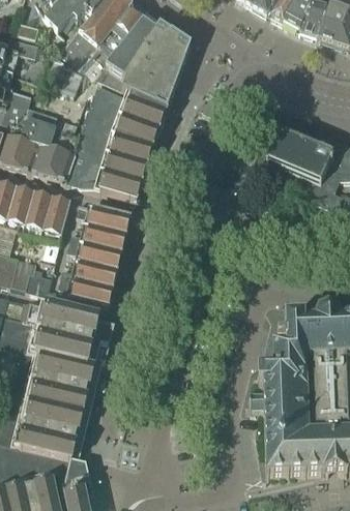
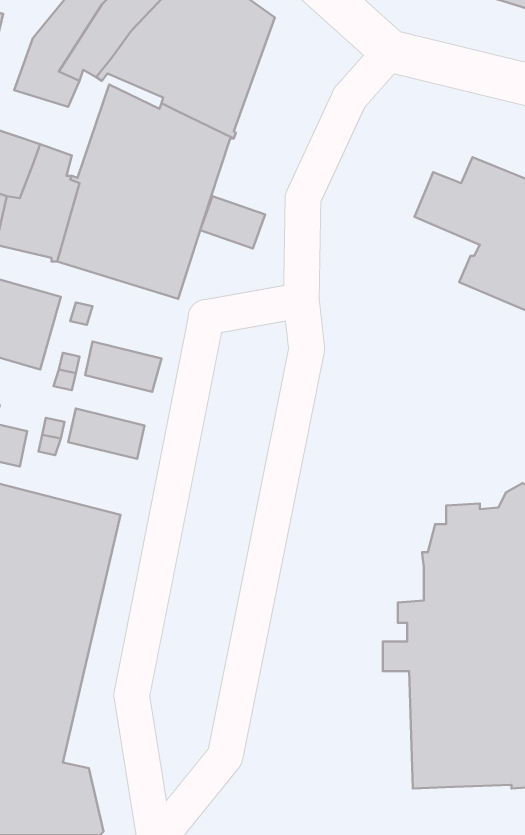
building: none -> [200,196,265,249]
building: [87,207,129,235] -> none
building: [78,244,120,272] -> none
building: [69,281,112,309] -> none

